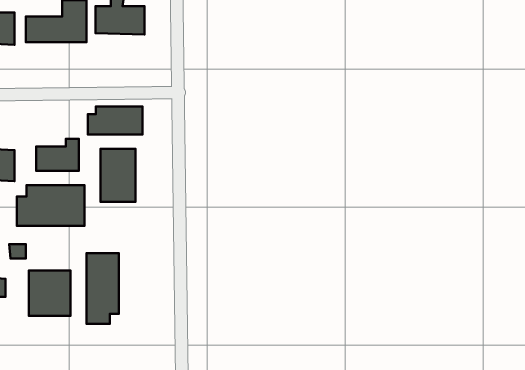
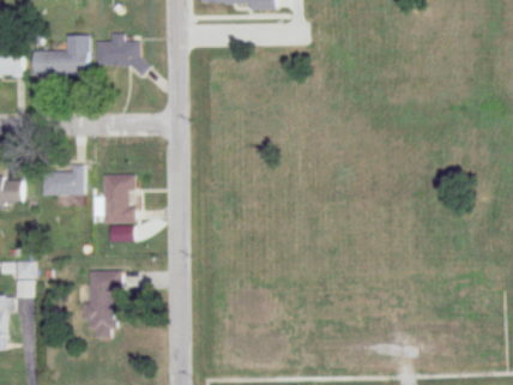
building: [88,107,142,134] -> none
building: [17,185,85,226] -> none
building: [29,271,71,316] -> none

